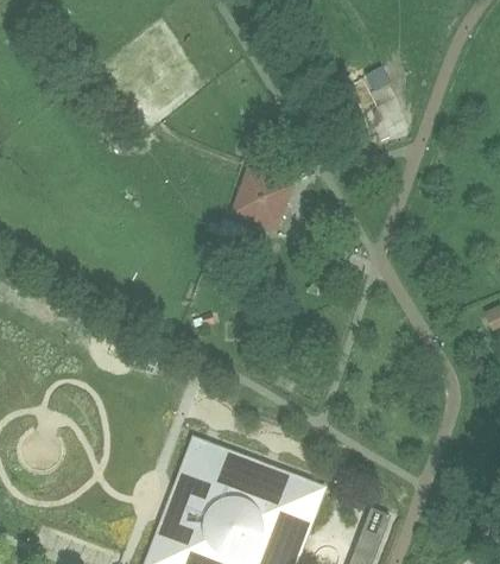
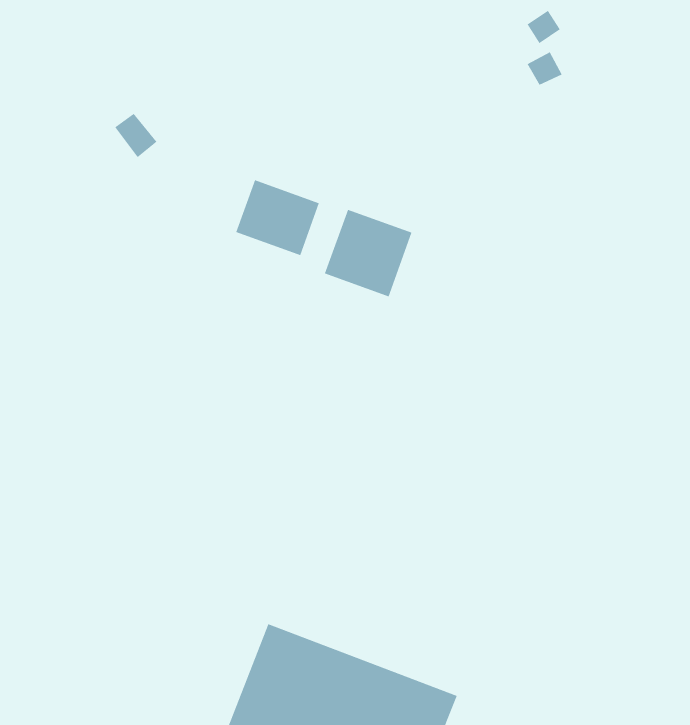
building: none -> [235,179,320,256]

